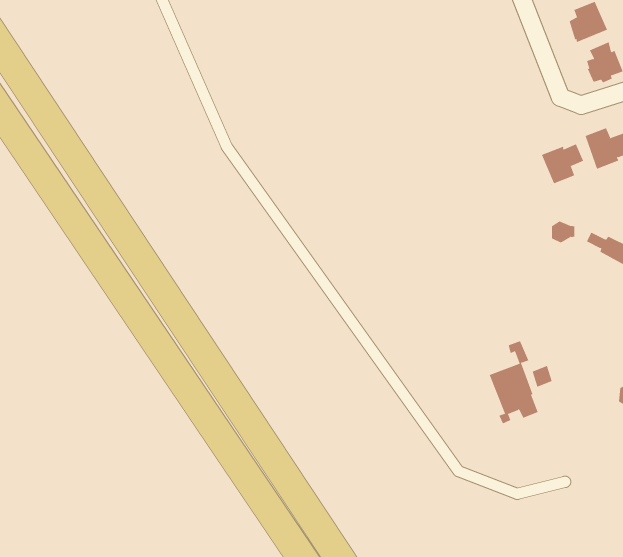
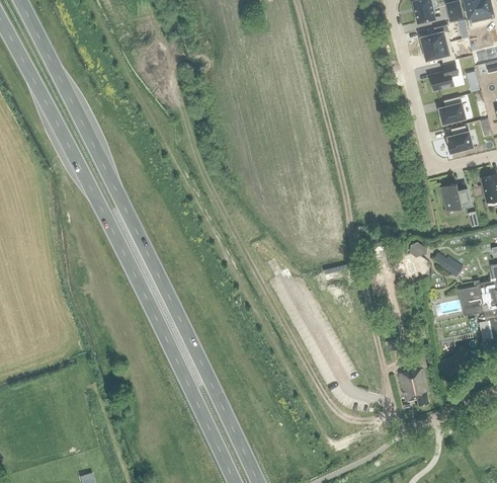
building: [541,144,584,185] -> none
building: [489,341,539,424] -> [398,353,428,408]

